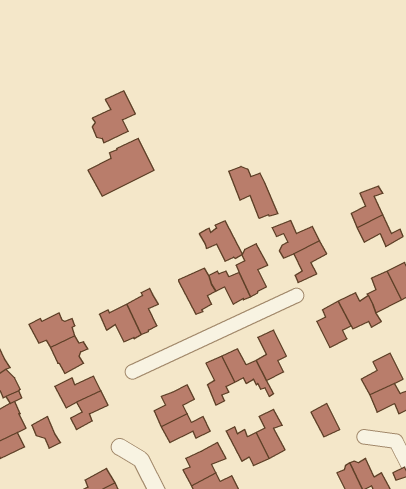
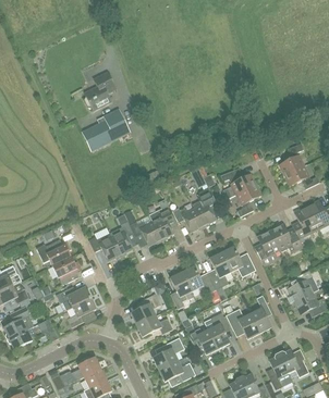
building: [229,166,278,218] -> none
building: [199,221,242,261] -> [130,214,162,245]
building: none -> [221,246,256,276]
building: none -> [226,308,259,338]

